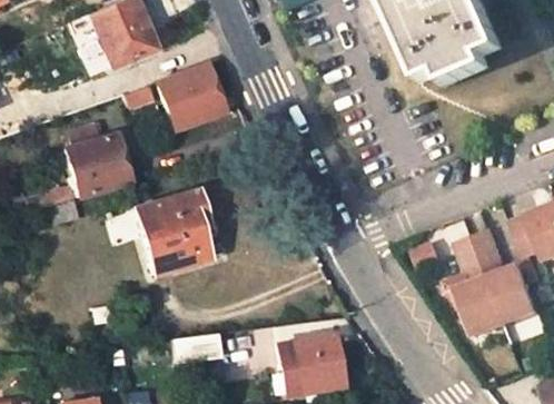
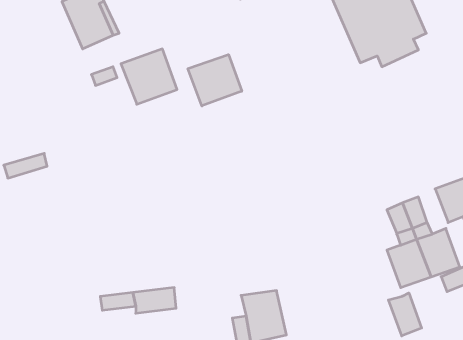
building: none -> [188,55,242,106]
building: [65,120,126,197] -> none
building: [133,190,205,270] -> none
building: none -> [388,293,422,336]

